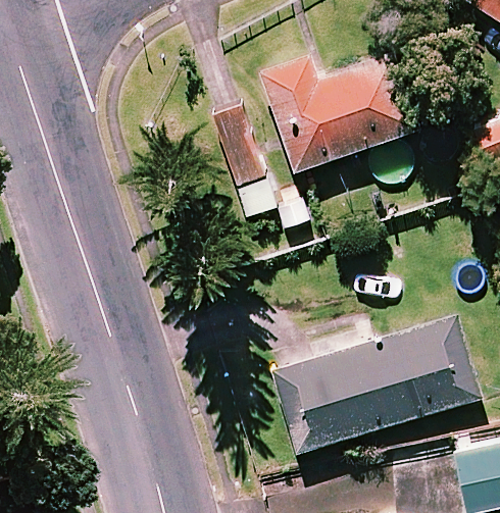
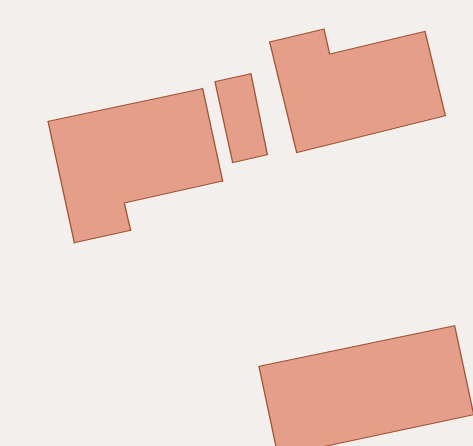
building: none -> [48,88,223,243]

